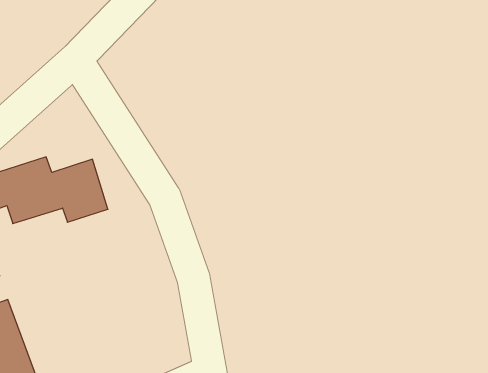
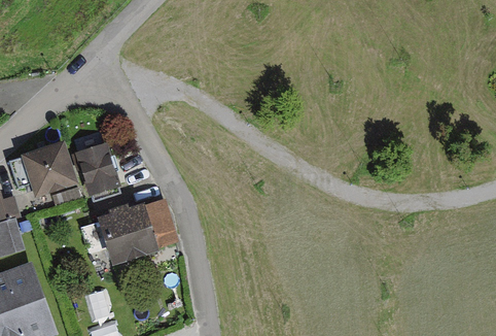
building: none -> [98,200,174,264]

